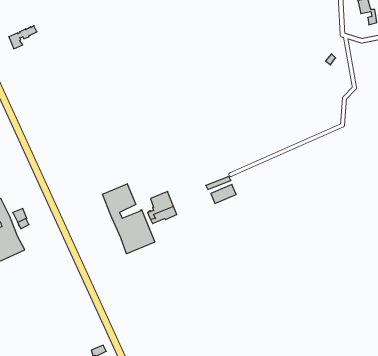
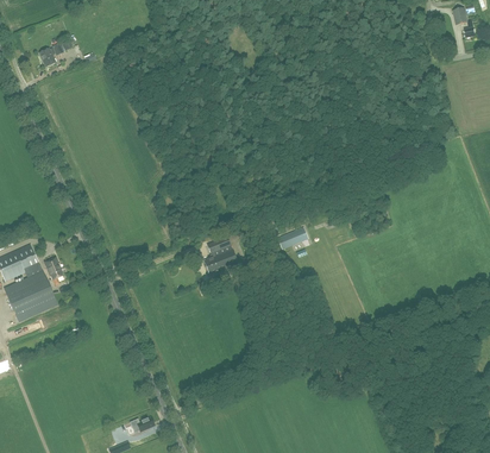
building: [103,184,155,254] -> none

